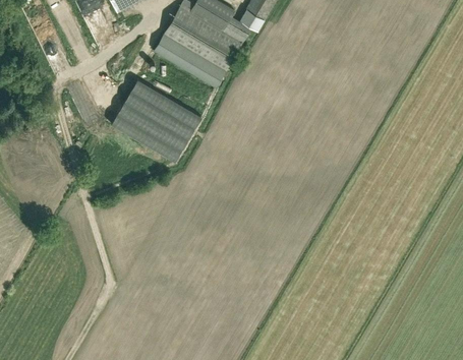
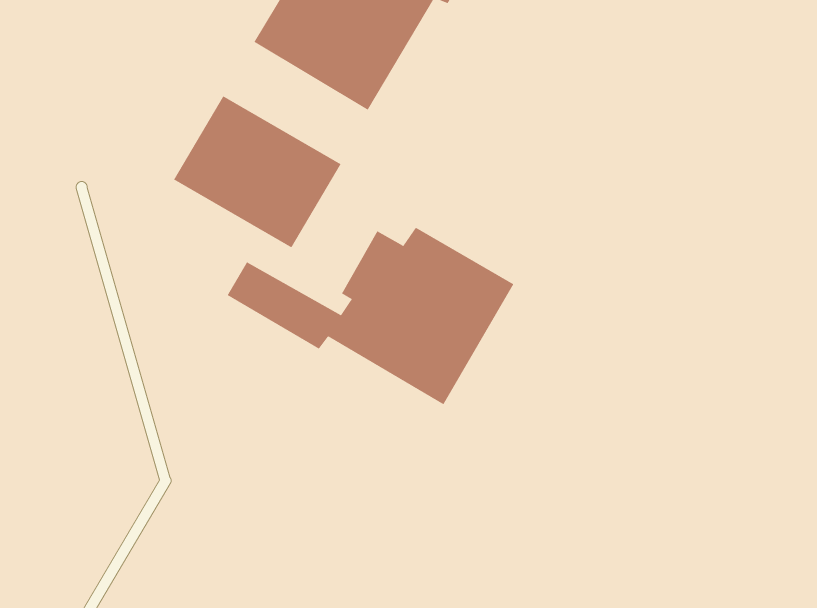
building: none -> [227,227,514,405]

